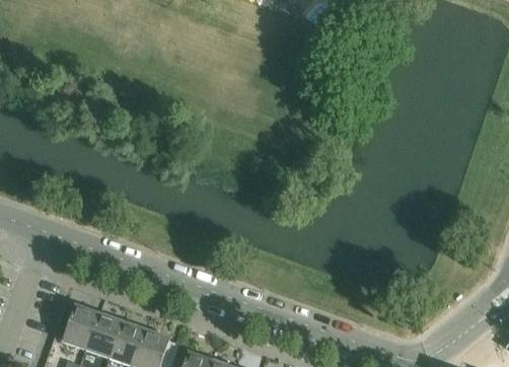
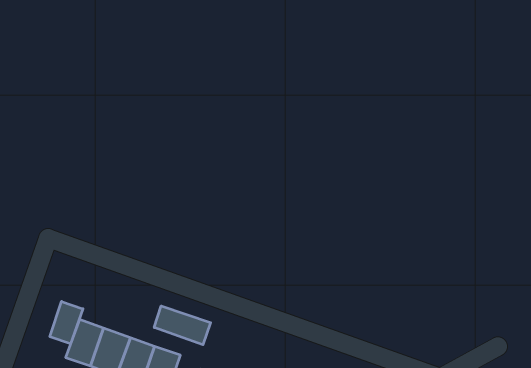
building: none -> [50,301,83,344]
building: none -> [154,306,211,345]

